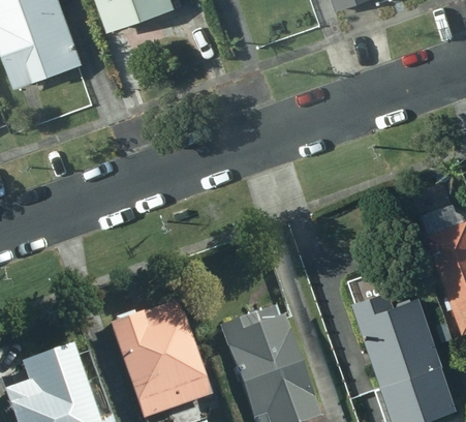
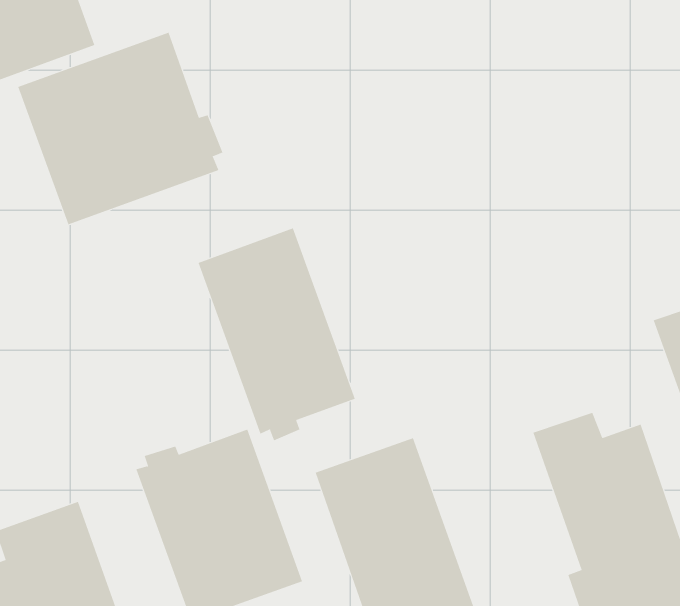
building: none -> [18,32,223,225]
building: none -> [198,227,355,441]

